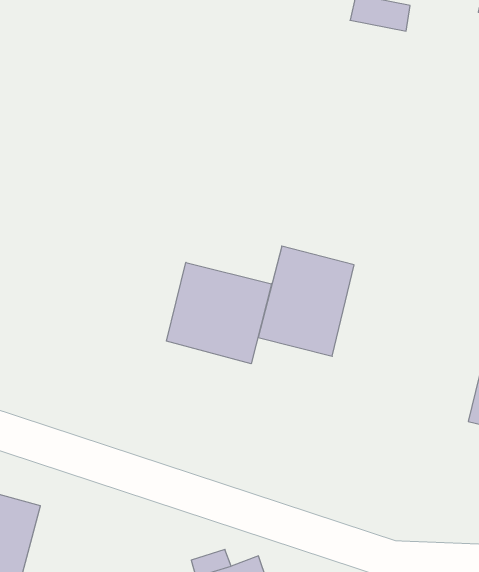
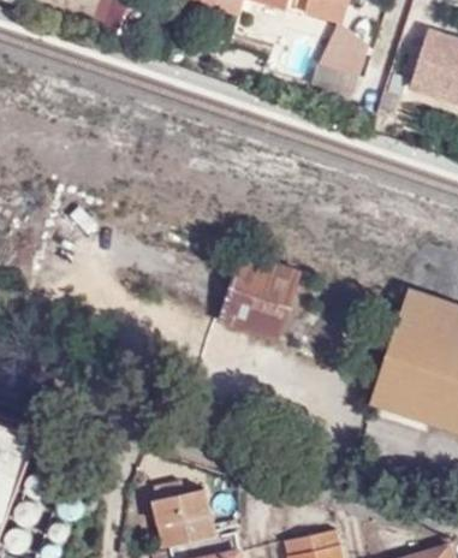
building: [167,262,271,364] -> none

